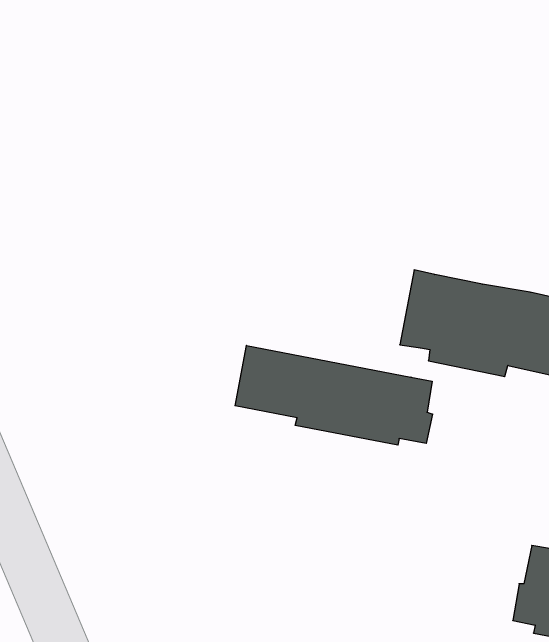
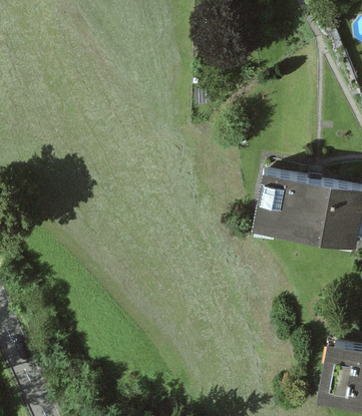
building: [235,345,433,445] -> none

